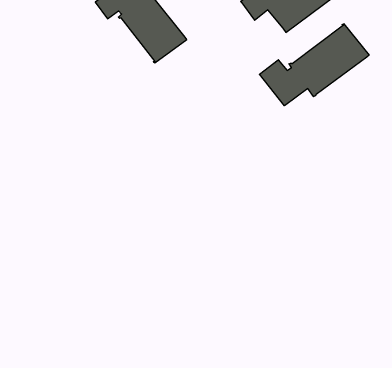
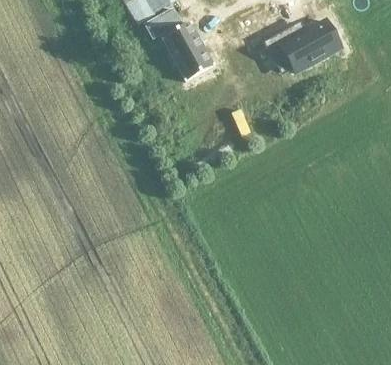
building: [259,24,369,106] -> none

